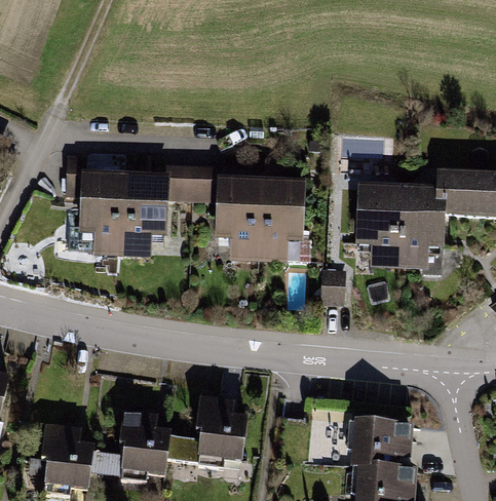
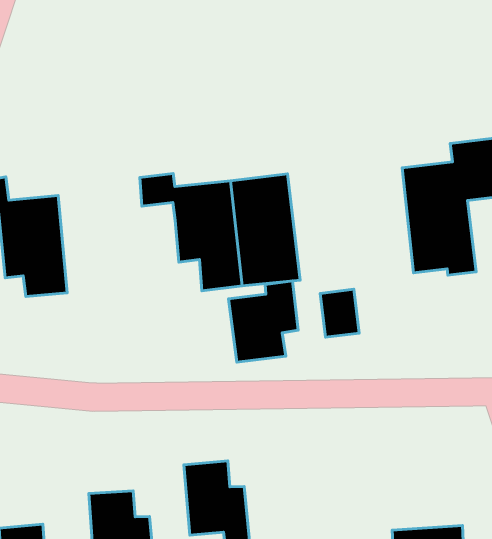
building: [123,165,191,249] -> none
building: [355,183,397,267] -> none
building: none -> [228,281,298,362]
building: [347,421,411,467] -> none

